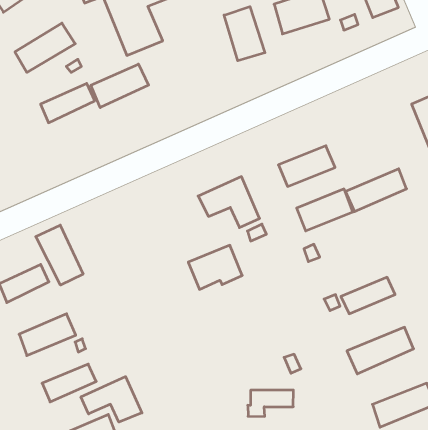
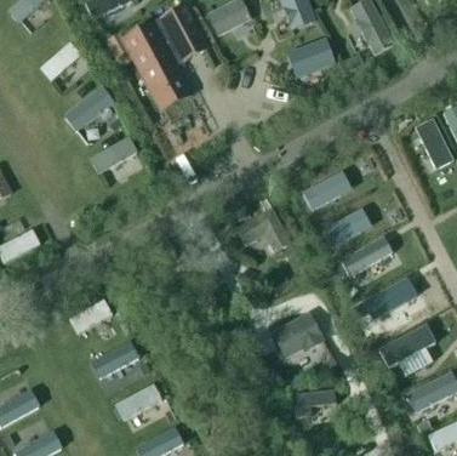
building: [224,7,265,61] -> none
building: [91,64,149,108] -> none
building: [345,169,407,212] -> [343,235,396,277]
building: [36,225,83,285] -> none
building: [188,245,242,289] -> [274,314,322,355]
building: [81,377,142,422] -> none

